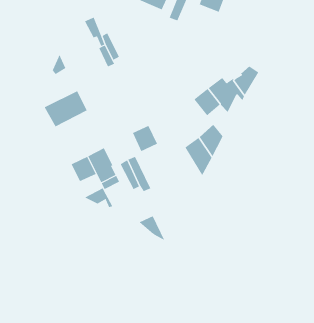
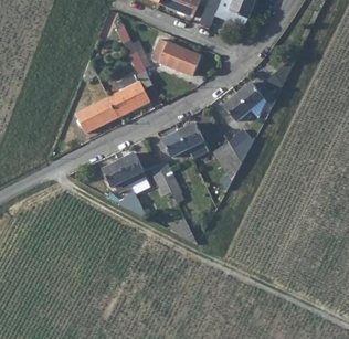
building: none -> [151,38,201,75]
building: none -> [108,81,150,116]
building: none -> [179,121,209,159]

